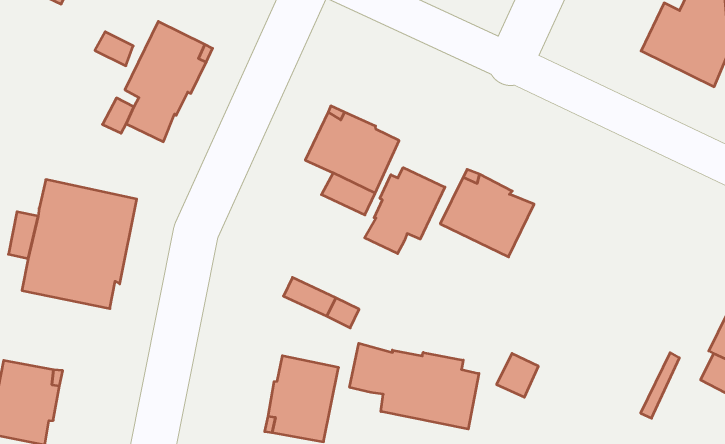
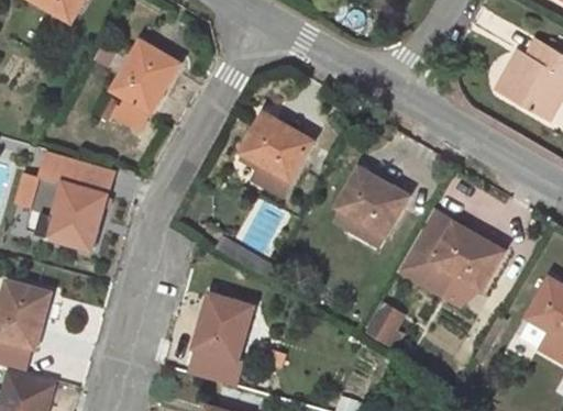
building: [365,168,445,254] -> none
building: none -> [397,210,505,295]
building: [350,343,479,429] -> none

